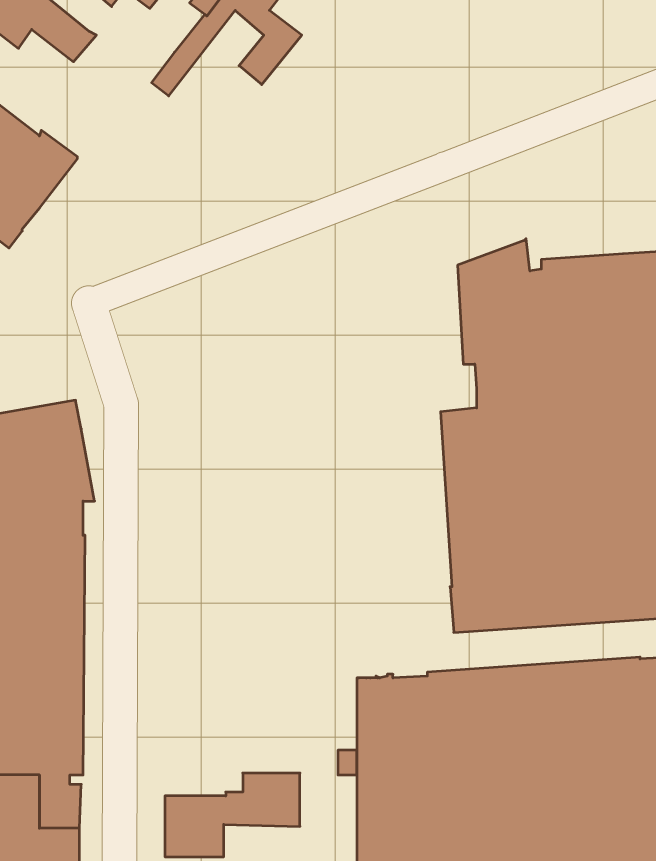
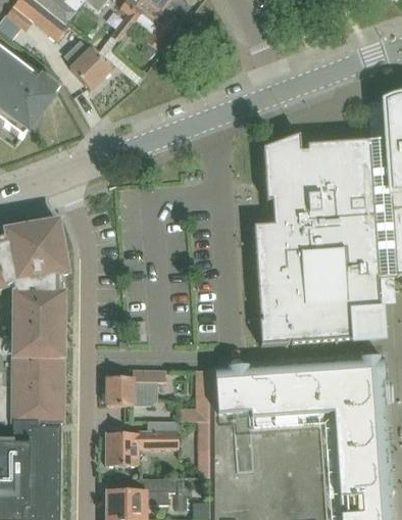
building: none -> [65,40,112,89]
building: none -> [108,369,167,405]

